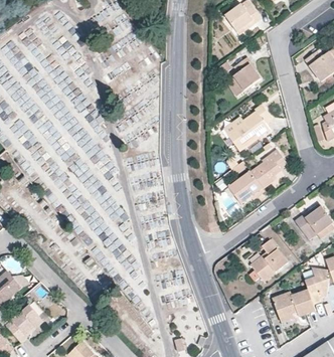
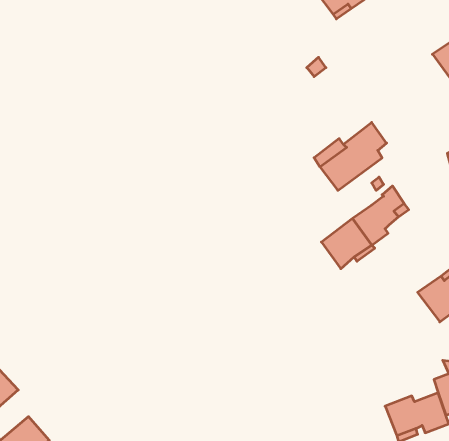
building: [225,56,261,96] -> none
building: [246,238,288,282] -> none

